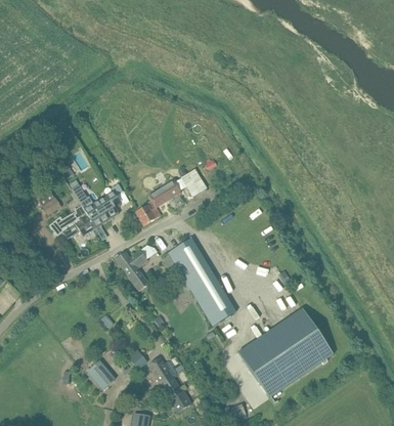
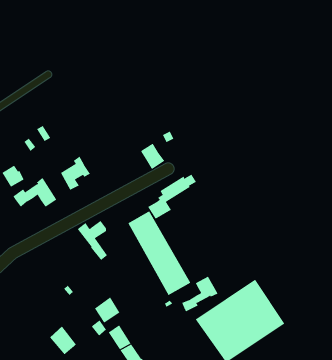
building: [136,178,187,225] -> [147,174,197,220]
building: [73,183,110,227] -> none
building: none -> [182,276,218,312]
building: none -> [94,297,120,323]

